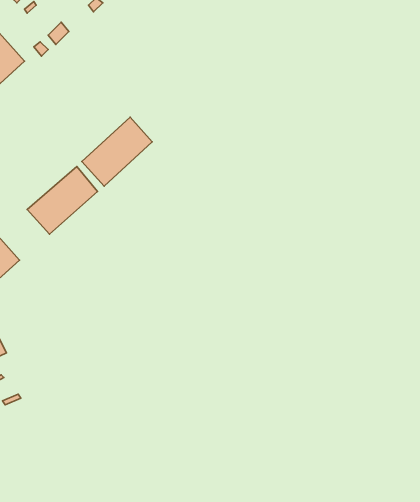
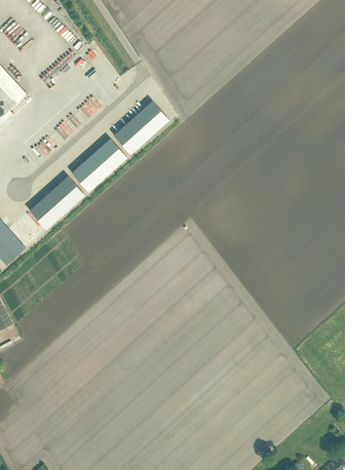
building: none -> [113,101,168,154]

